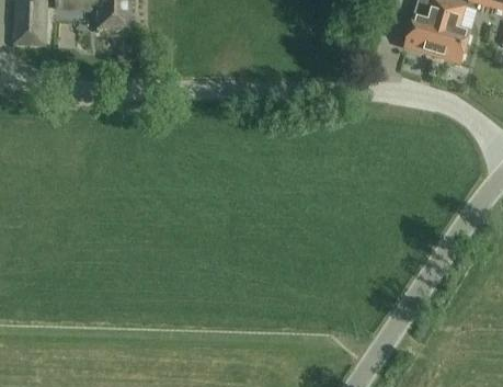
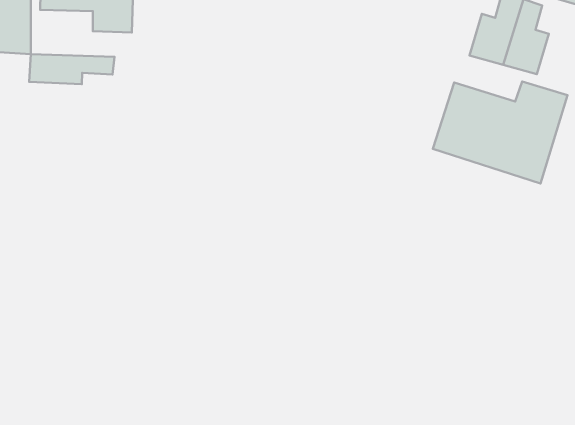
building: none -> [29,54,115,84]
building: none -> [433,81,568,184]

